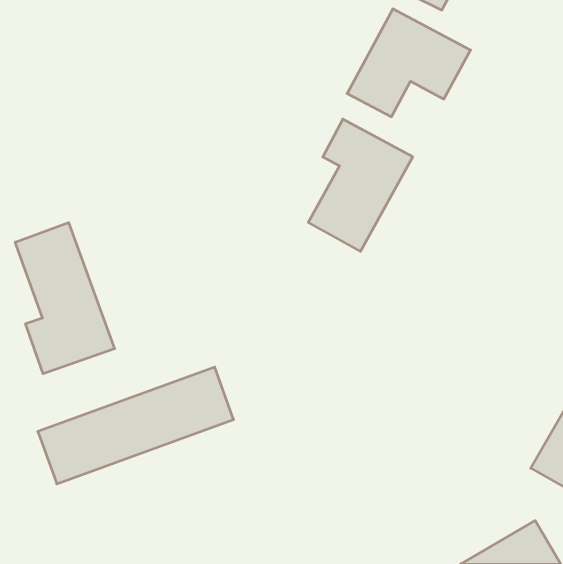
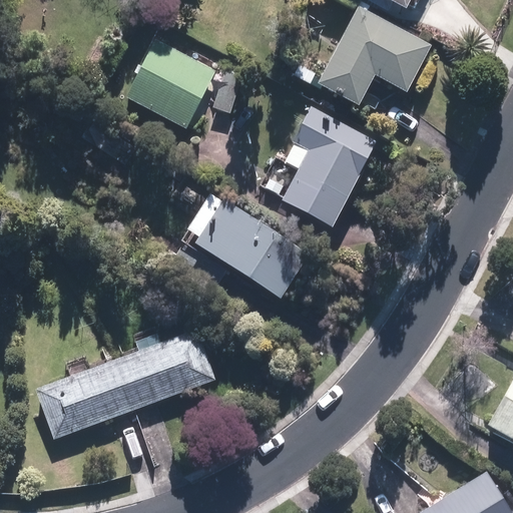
building: none -> [127,42,214,127]
building: none -> [174,200,308,298]
building: [15,223,115,374] -> none

